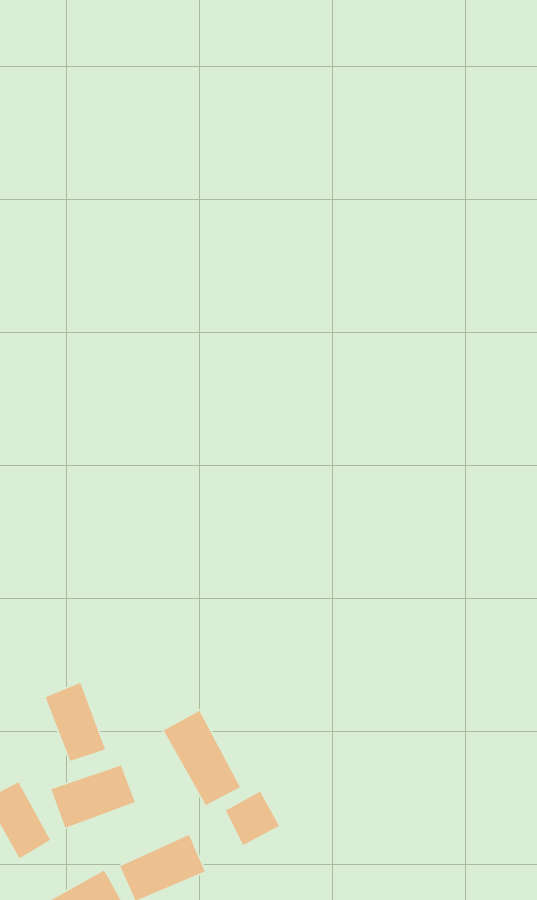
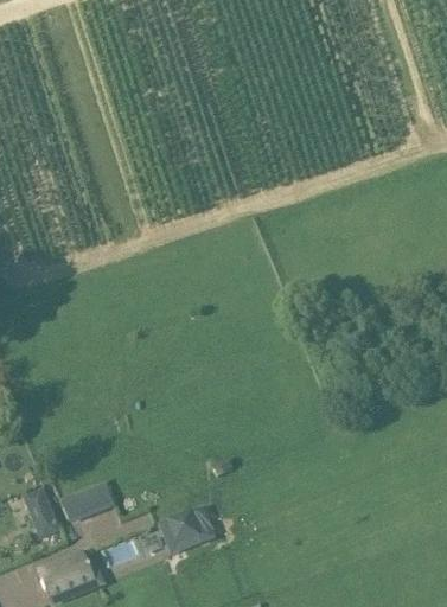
building: [45,682,106,762] -> none
building: [162,710,241,806] -> none

